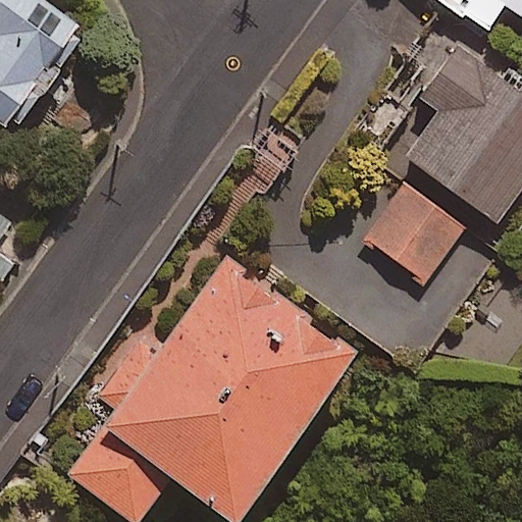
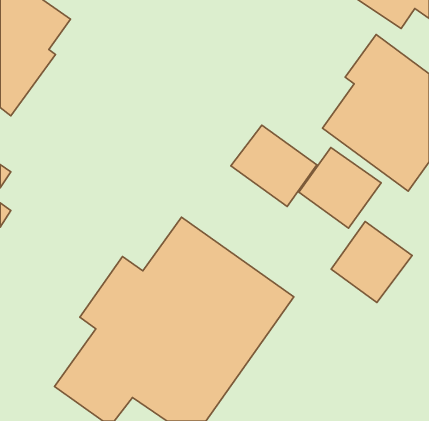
building: none -> [231,125,317,207]
building: none -> [331,222,412,302]

